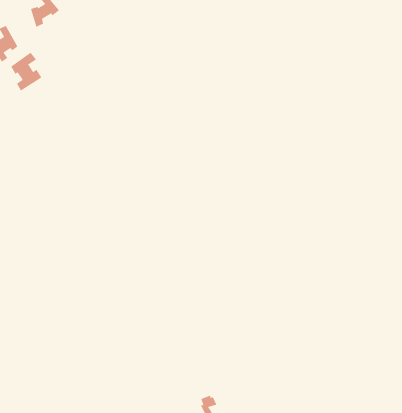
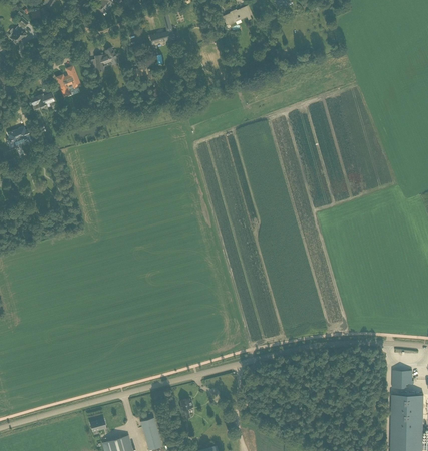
building: [10,52,42,91] -> none

